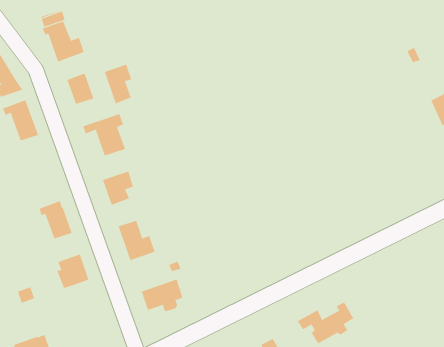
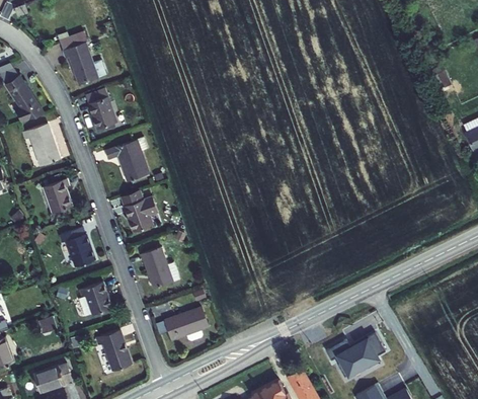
building: [104,64,132,104] -> none
building: none -> [43,178,72,213]
building: none -> [95,329,132,371]

